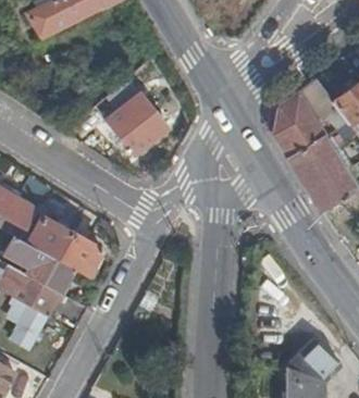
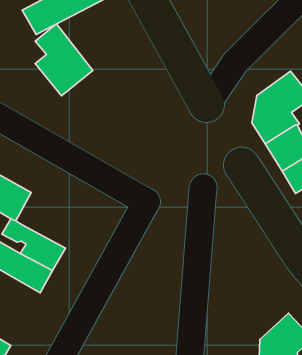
building: [108,78,170,156] -> [35,24,93,96]
building: [28,216,104,277] -> none
building: [11,298,48,348] -> none

